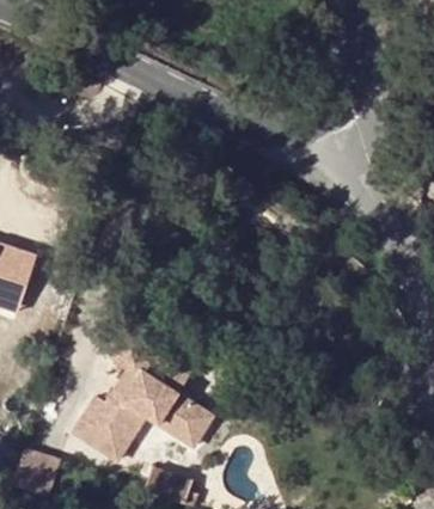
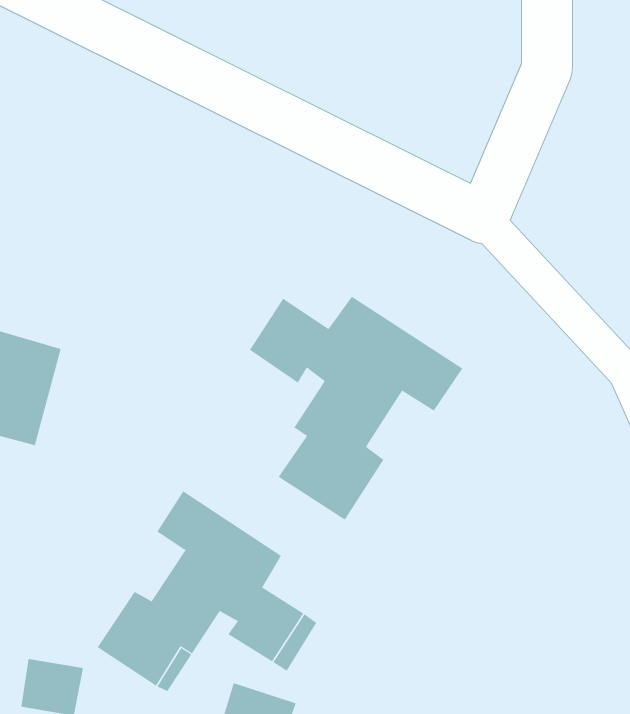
building: none -> [249,296,463,521]

